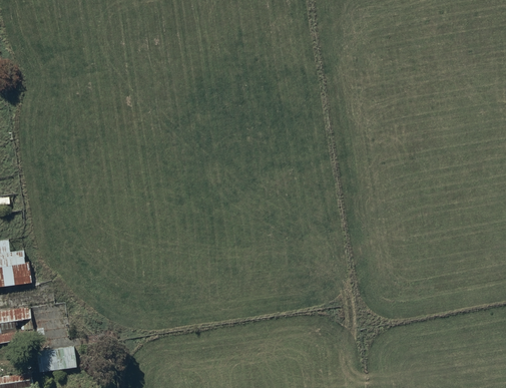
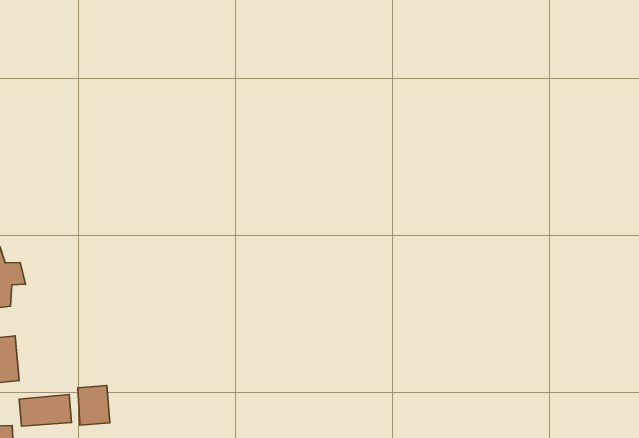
building: none -> [78,386,110,425]

